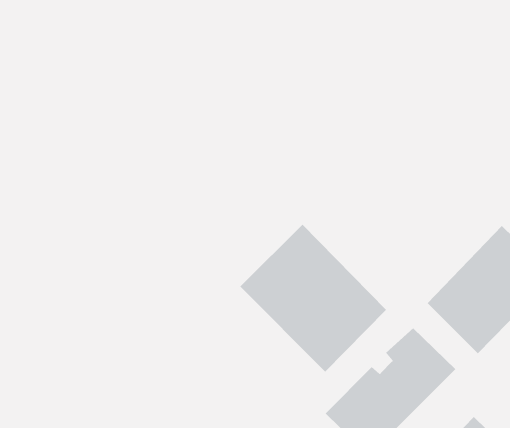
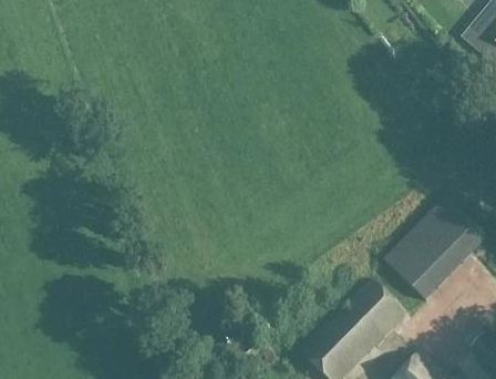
building: [239,224,387,373] -> none

